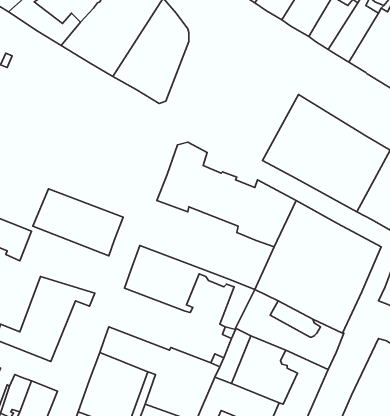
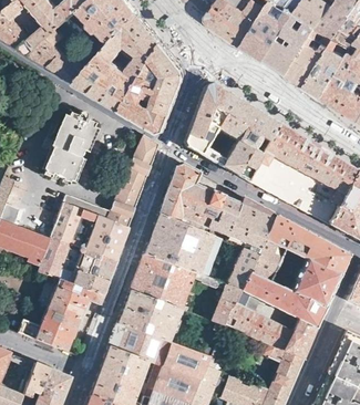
building: none -> [184,84,278,180]
building: none -> [45,116,94,184]
building: none -> [63,135,158,229]
building: none -> [142,215,220,278]
building: none -> [35,237,115,294]
building: none -> [218,249,257,291]
building: none -> [115,290,181,343]

